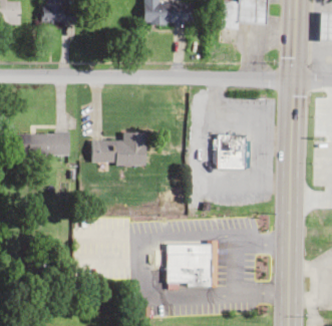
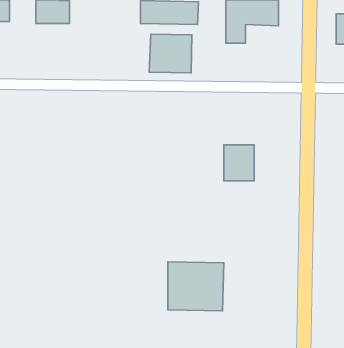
building: none -> [149,34,192,73]
building: [92,131,146,166] -> none
building: [17,132,70,156] -> none

